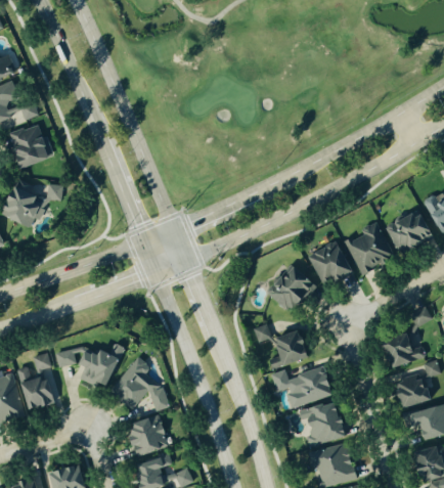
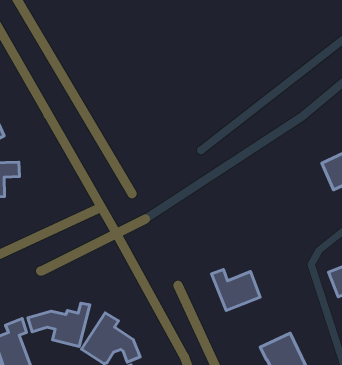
building: [347,221,395,272] -> none
building: [308,241,352,287] -> none
building: [266,263,315,313] -> none
building: [271,366,332,408] -> none

